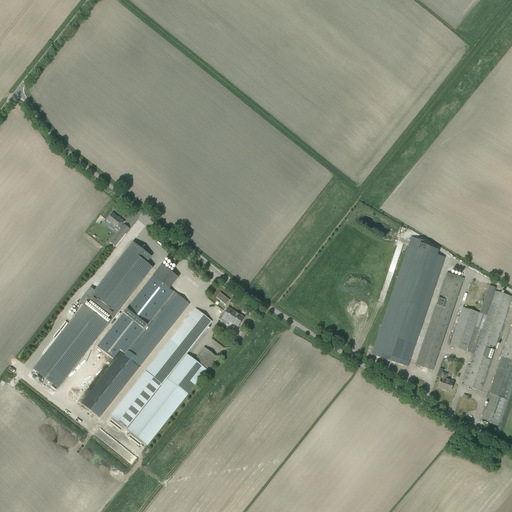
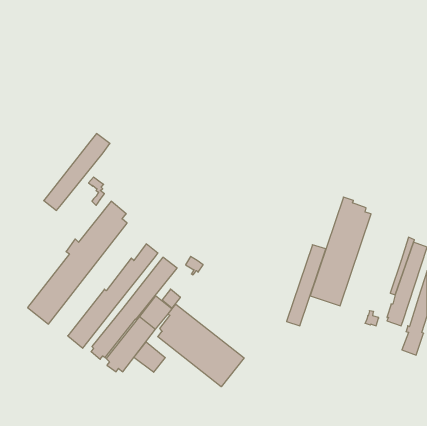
building: [98,264,177,356] -> [44,134,110,210]
building: [416,272,463,369] -> [287,245,326,326]
building: [449,306,480,351] -> none
building: none -> [158,304,244,387]
building: none -> [134,342,165,372]

